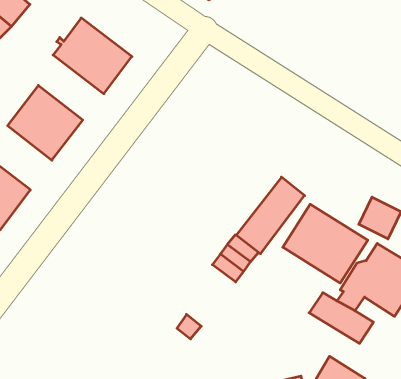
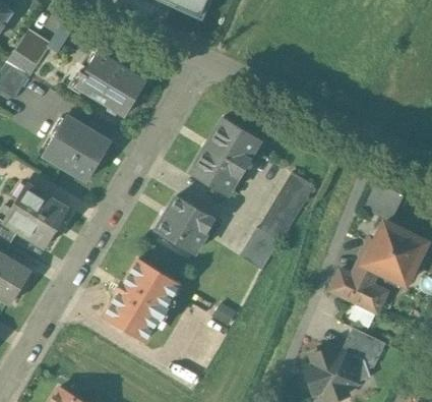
building: none -> [189,118,259,196]
building: none -> [156,196,213,254]
building: [283,204,368,283] -> none
building: none -> [104,261,178,341]

